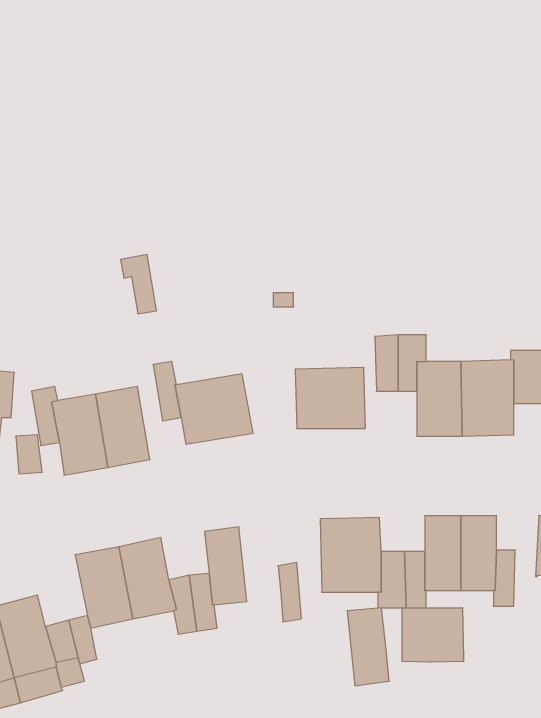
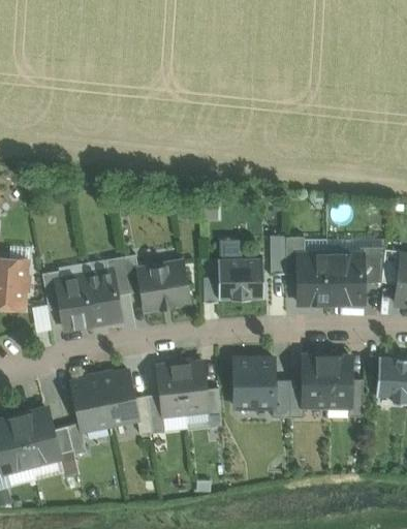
building: [121,255,157,314] -> [105,256,129,295]
building: [402,608,464,662] -> none
building: [347,608,389,686] -> [180,362,208,413]

